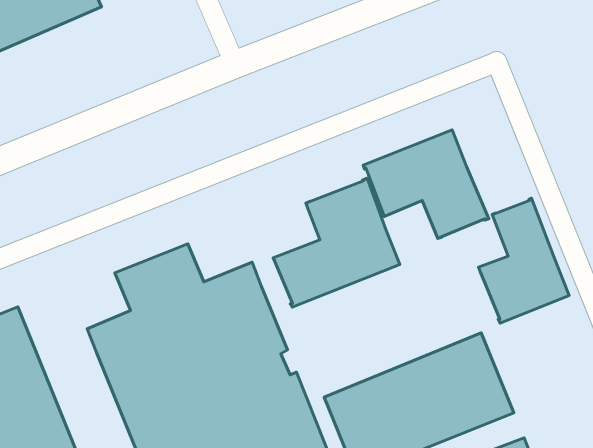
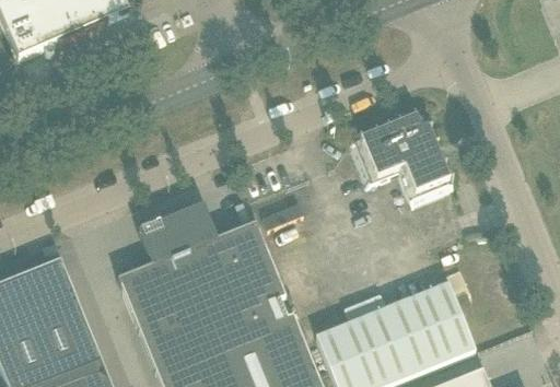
building: [273,178,400,307] -> none
building: [478,198,569,323] -> none

